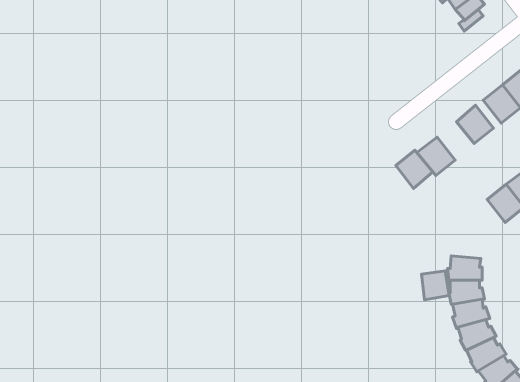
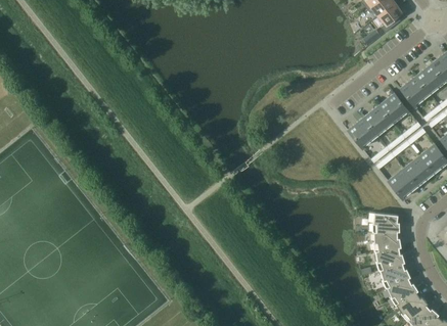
building: [396,150,433,188] -> [364,105,394,136]
building: none -> [389,168,418,198]
building: [421,271,449,300] -> none

